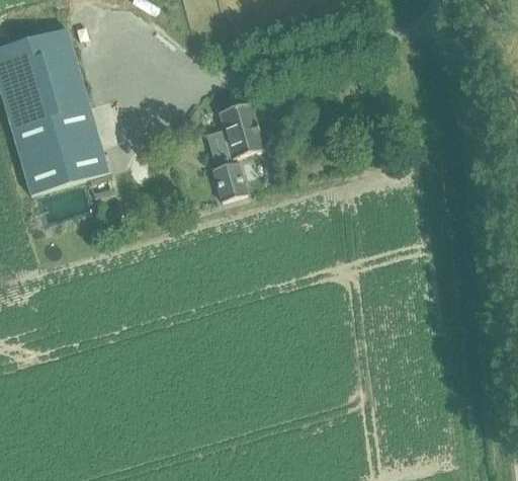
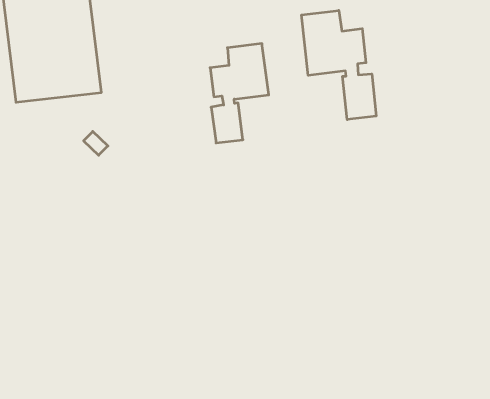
building: none -> [302,10,376,120]

